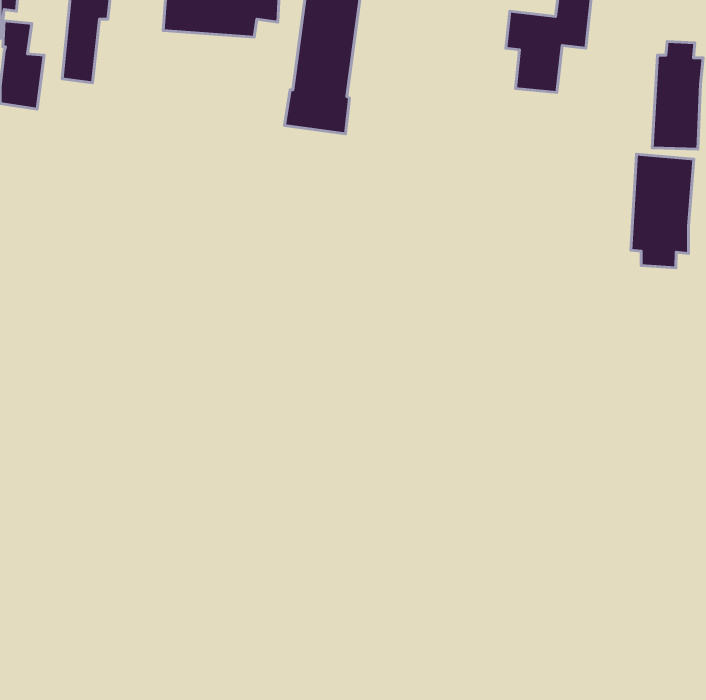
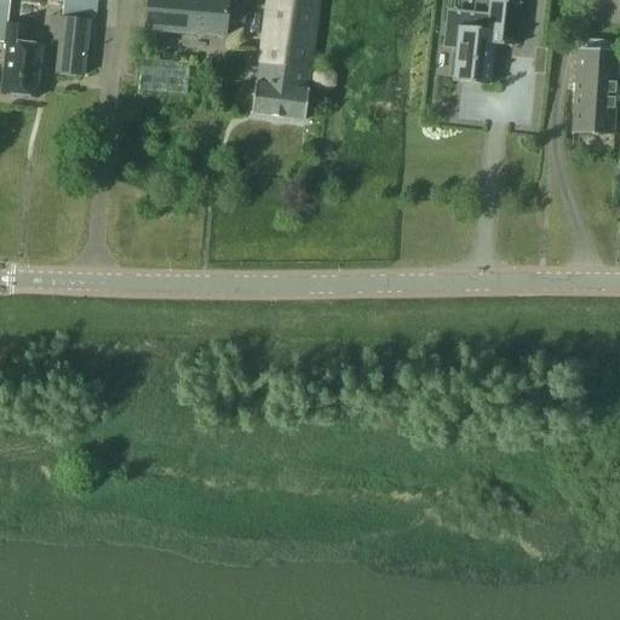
building: [631,154,694,268] -> none

